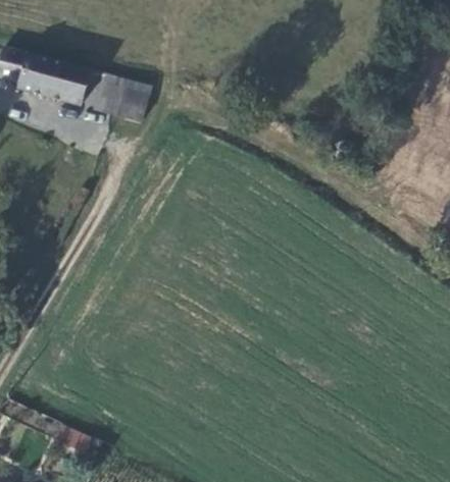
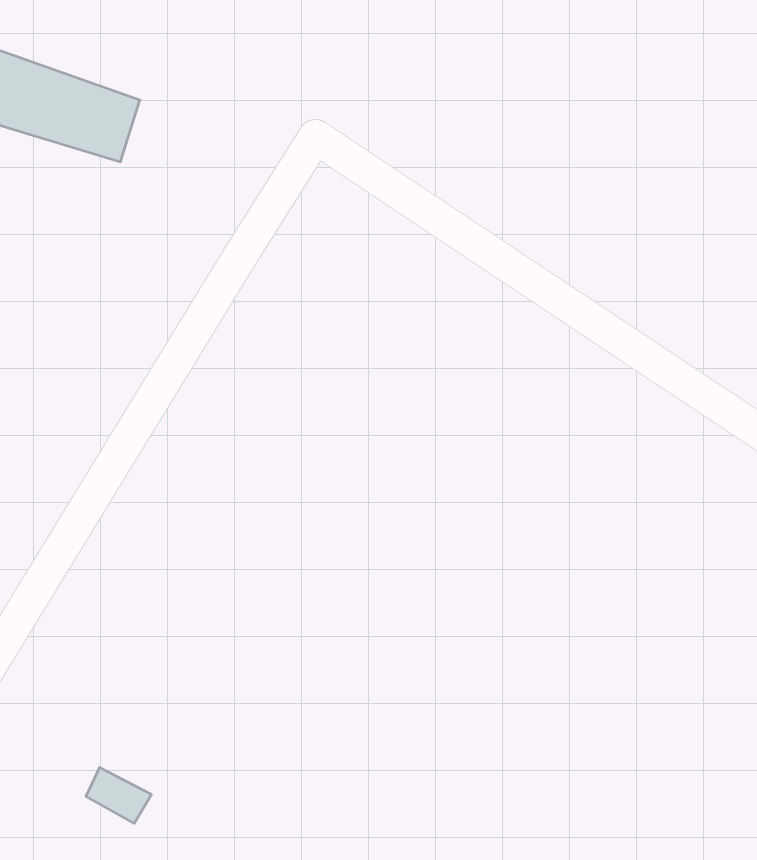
building: [89,76,146,124] -> none

